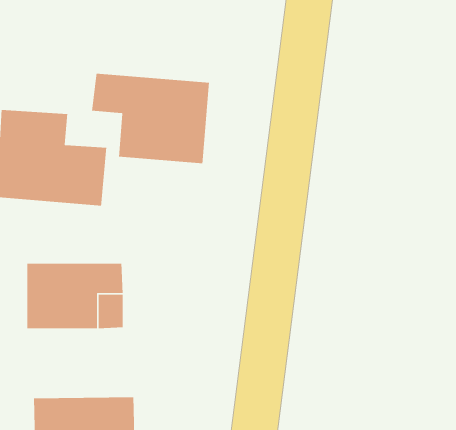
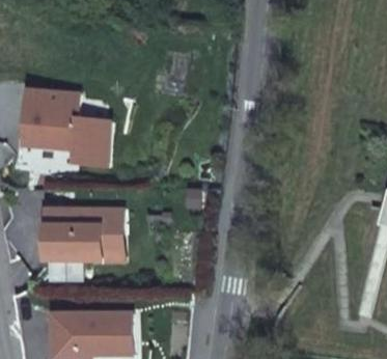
building: [91,73,210,164] -> none

